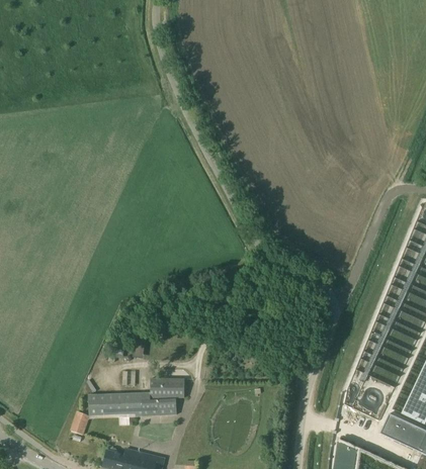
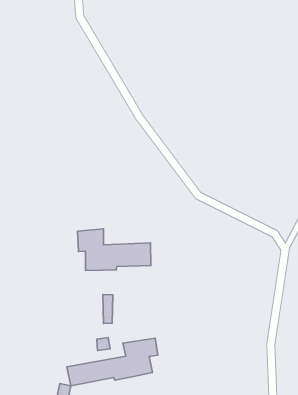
building: none -> [78,229,151,270]

